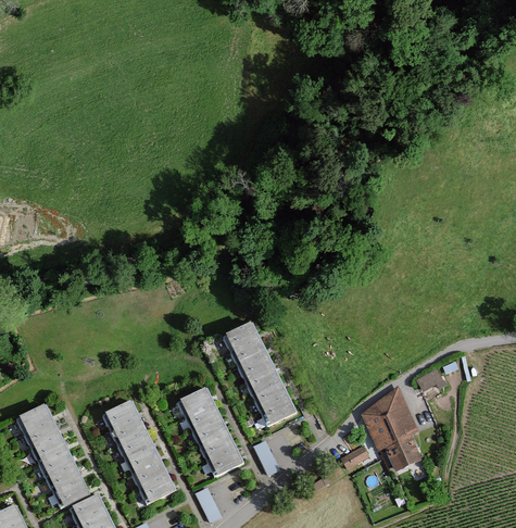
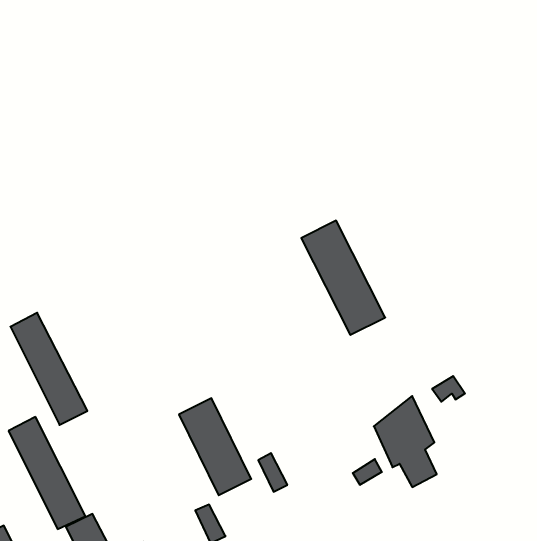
building: [222,318,300,425] -> [301,221,385,335]
building: [106,402,178,506] -> [10,313,87,425]

